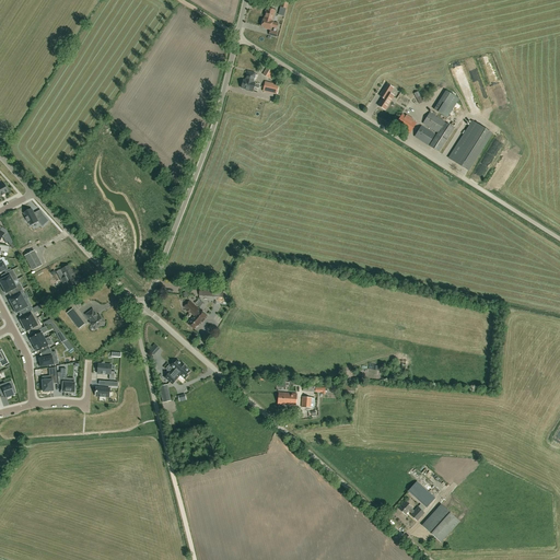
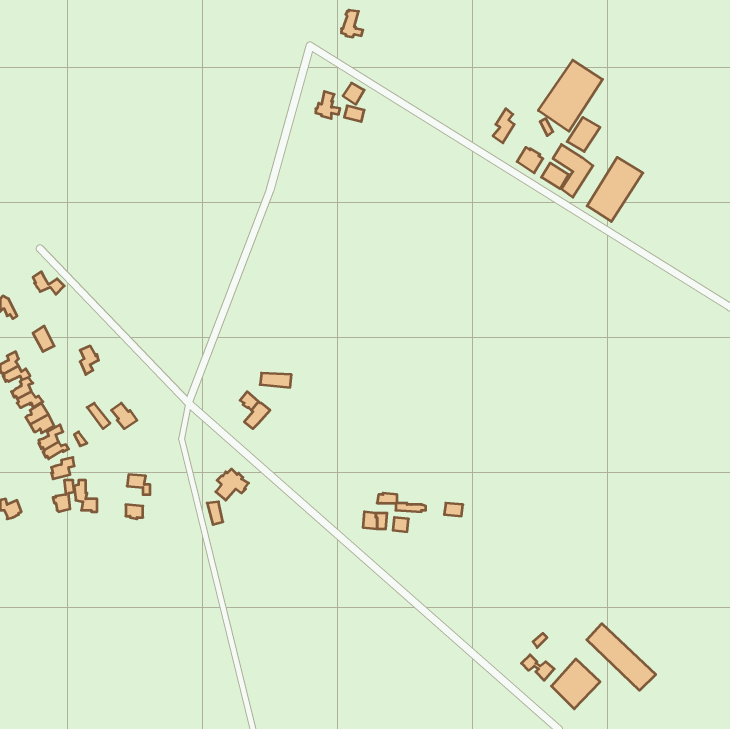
building: none -> [538,60,603,131]
building: none -> [587,624,656,690]

